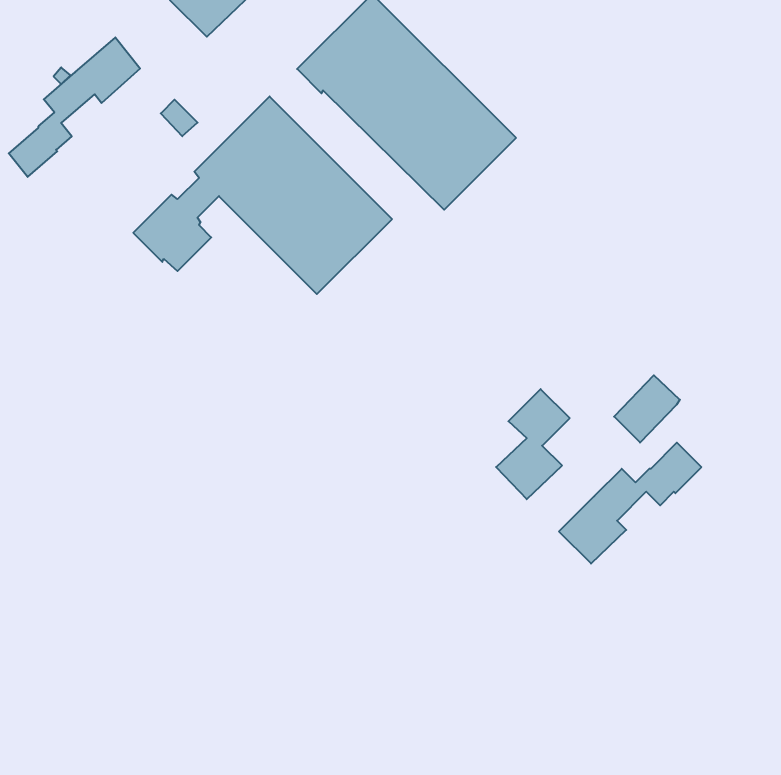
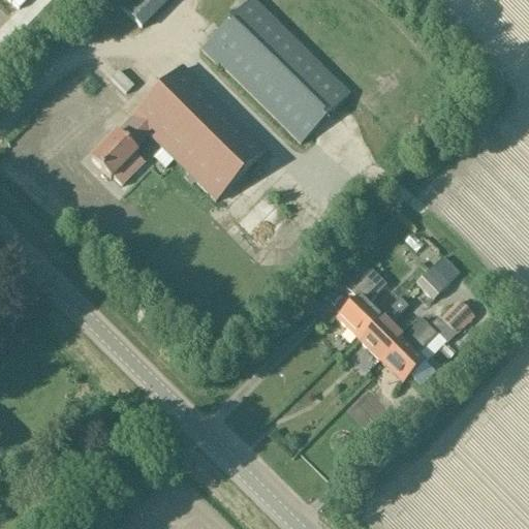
building: [9,37,140,177] -> none
building: none -> [356,287,416,359]

